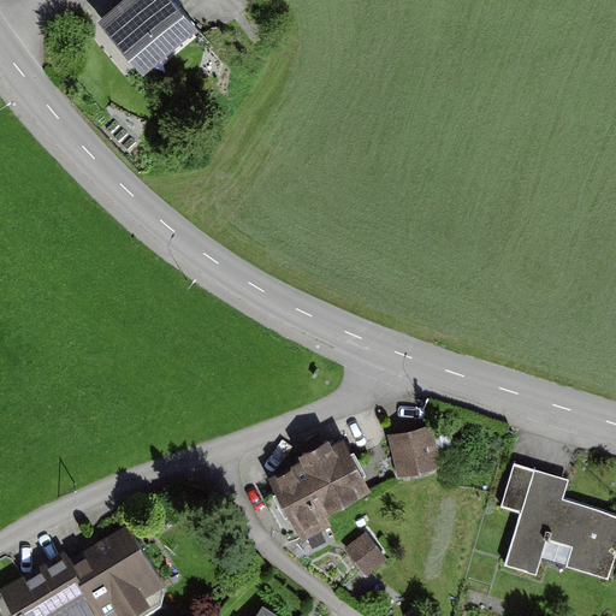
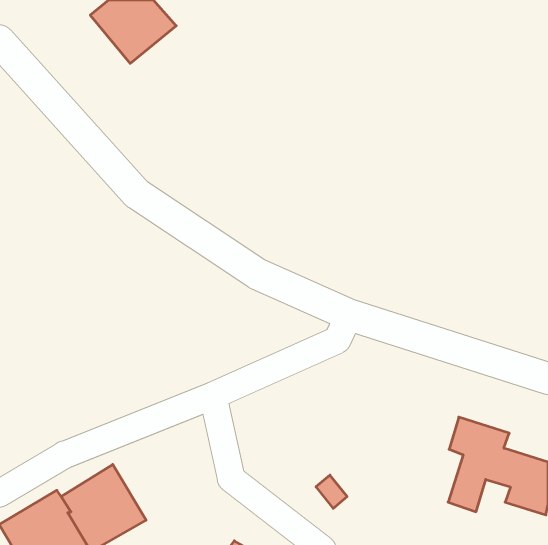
building: [391,425,442,478] -> none
building: [268,436,369,538] -> none

